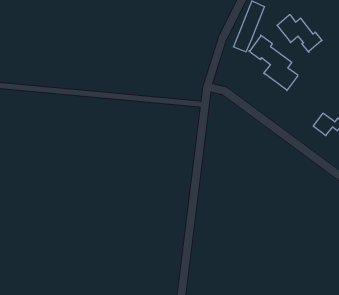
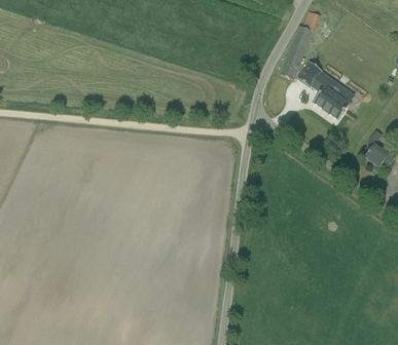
building: [277,15,322,52] -> none

